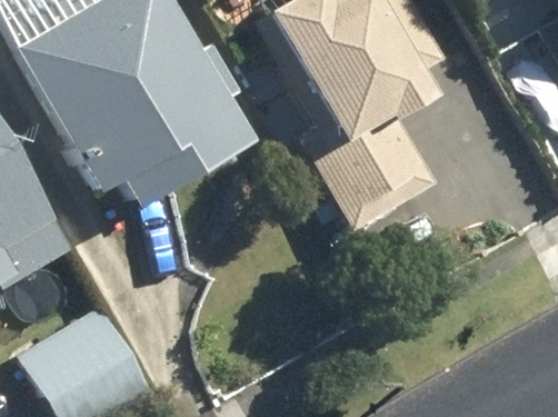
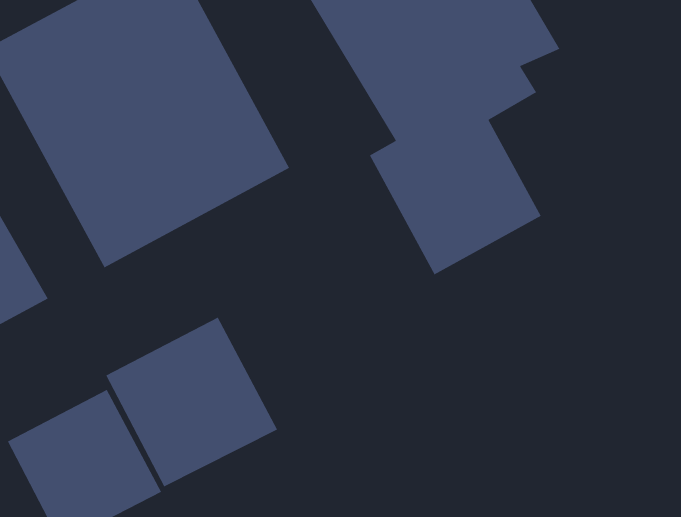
building: none -> [105,316,278,488]

